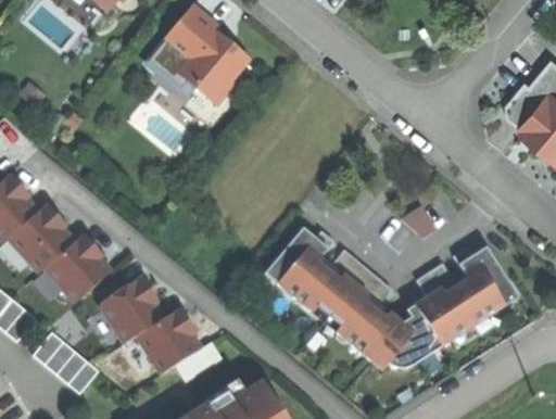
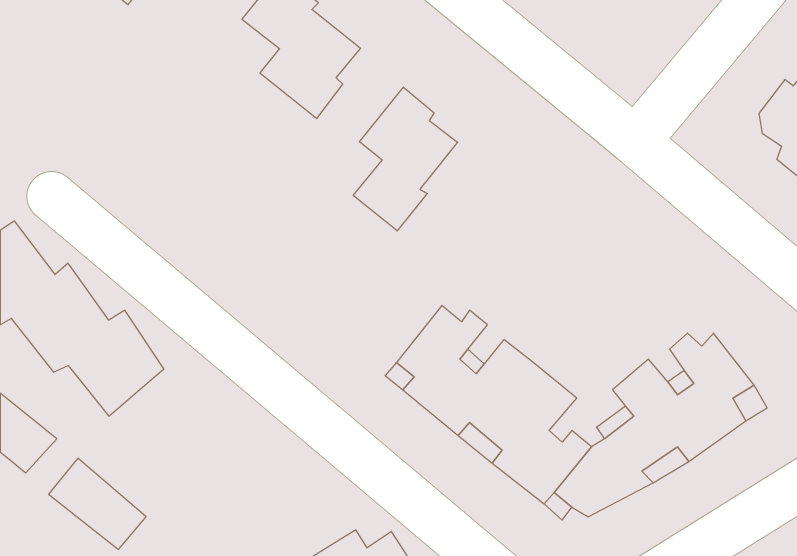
building: none -> [353,87,458,231]
building: [100,274,206,372] -> none

